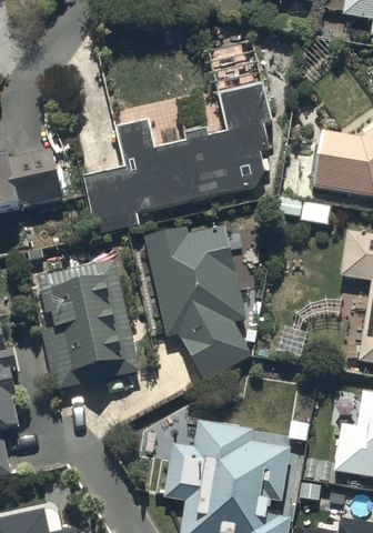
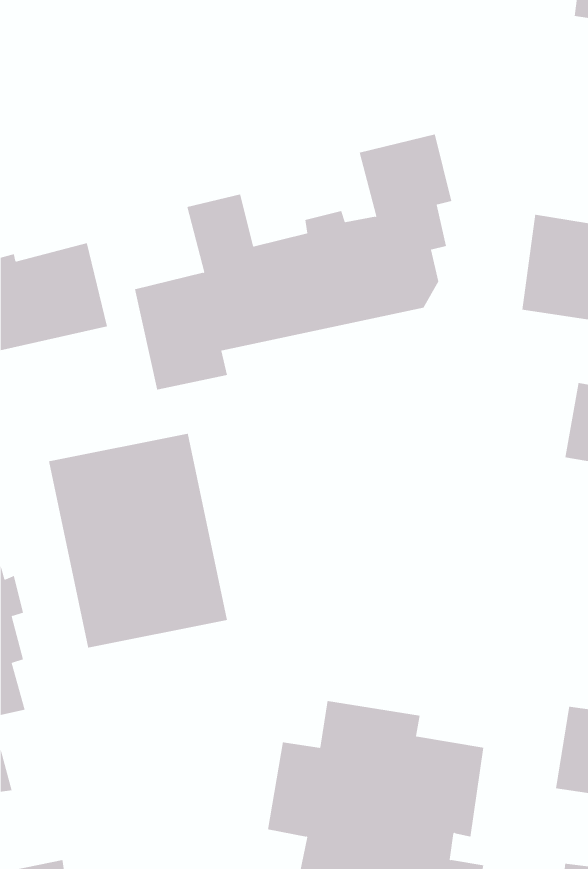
building: [143,224,255,382] -> none

